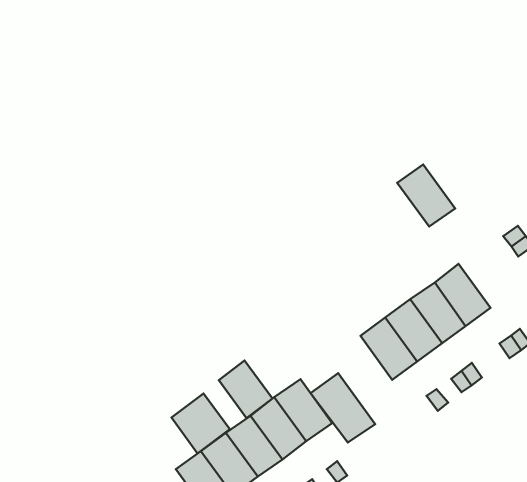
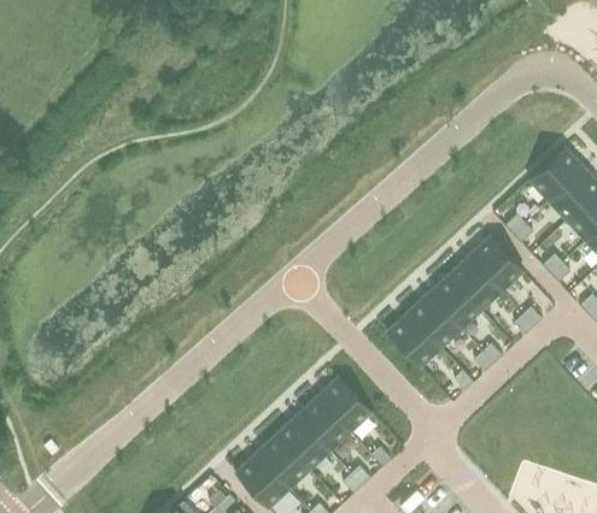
building: [397,165,455,227] -> [468,235,523,290]
building: [219,360,272,418] -> none
building: [310,373,375,443] -> none
building: [172,393,230,453] -> none

